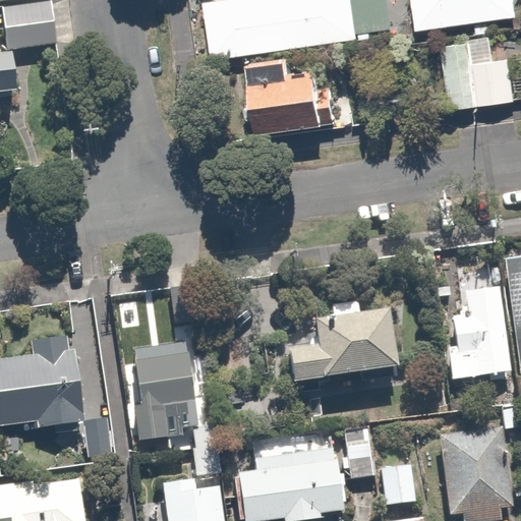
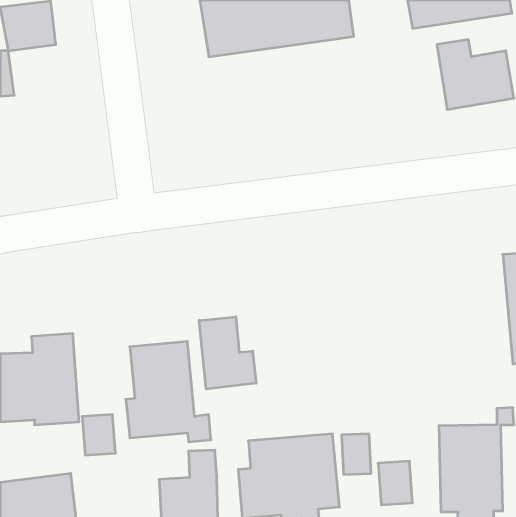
building: [250,57,326,132] -> none
building: [448,285,507,378] -> none
building: [286,300,408,382] -> none
building: none -> [199,317,256,389]

